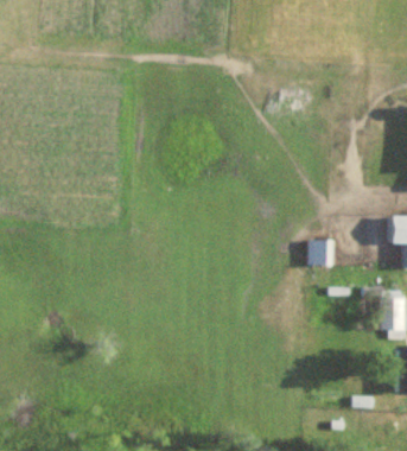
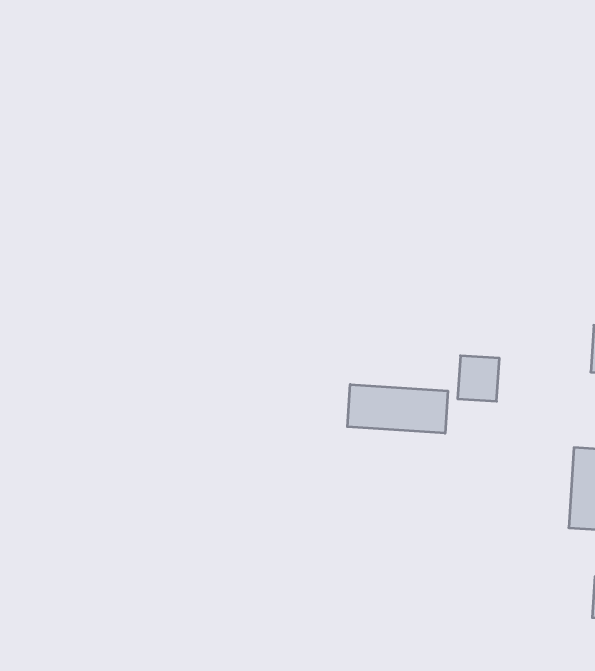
building: none -> [347,384,448,433]

